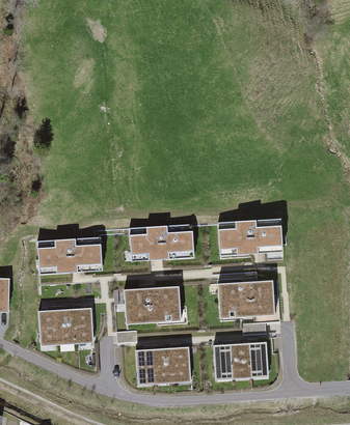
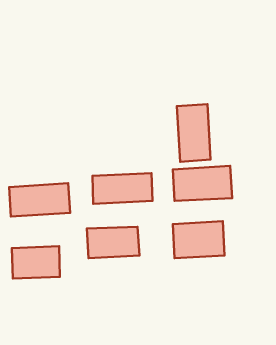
building: none -> [177,104,211,162]
building: [213,341,271,378] -> none
building: [134,345,191,385] -> none

